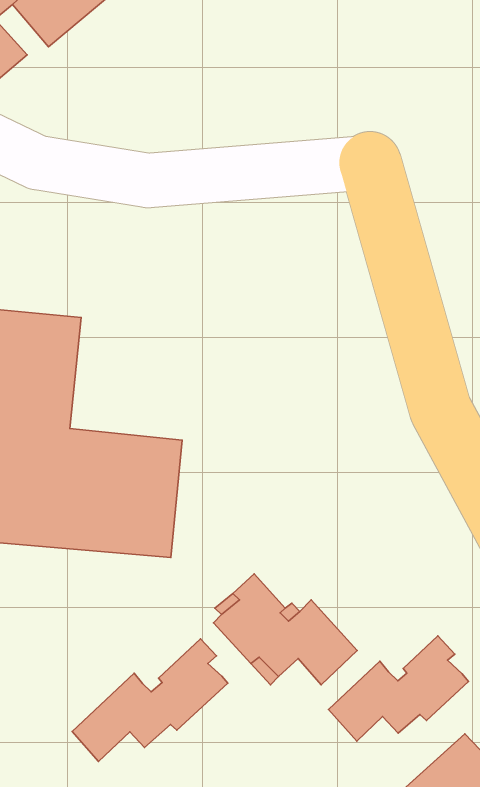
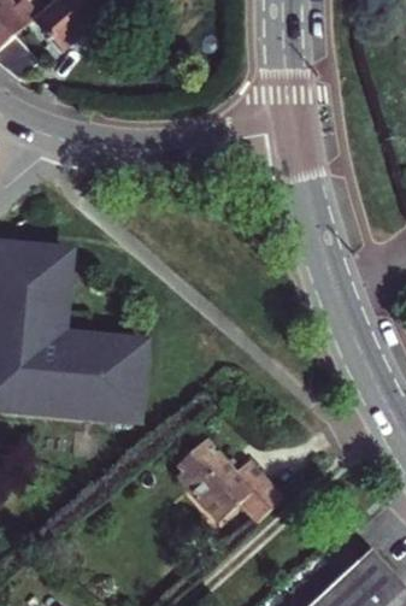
building: [328,636,468,741] -> none
building: [72,639,228,762] -> none

